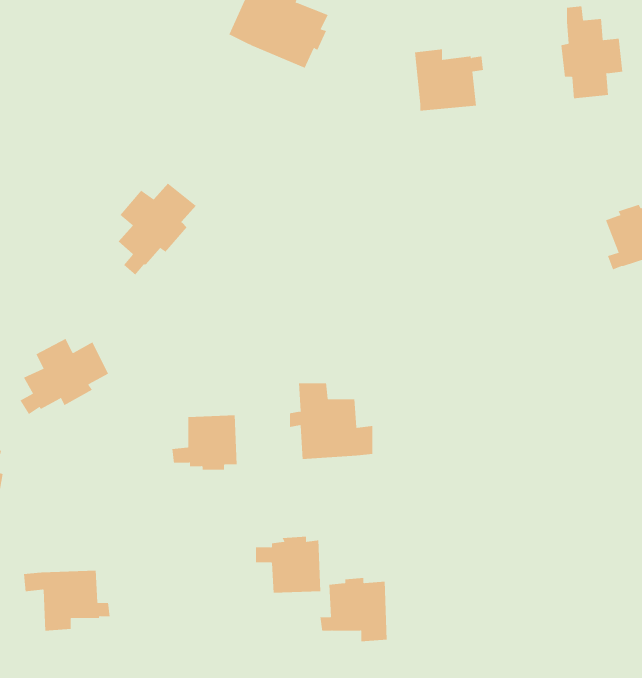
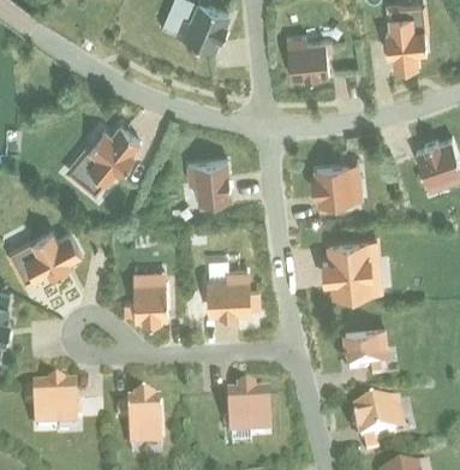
building: none -> [187,161,232,203]
building: none -> [313,165,357,203]
building: none -> [325,244,378,296]
building: none -> [343,331,387,377]
building: [255,536,321,593] -> [118,400,162,439]
building: none -> [354,403,400,444]

